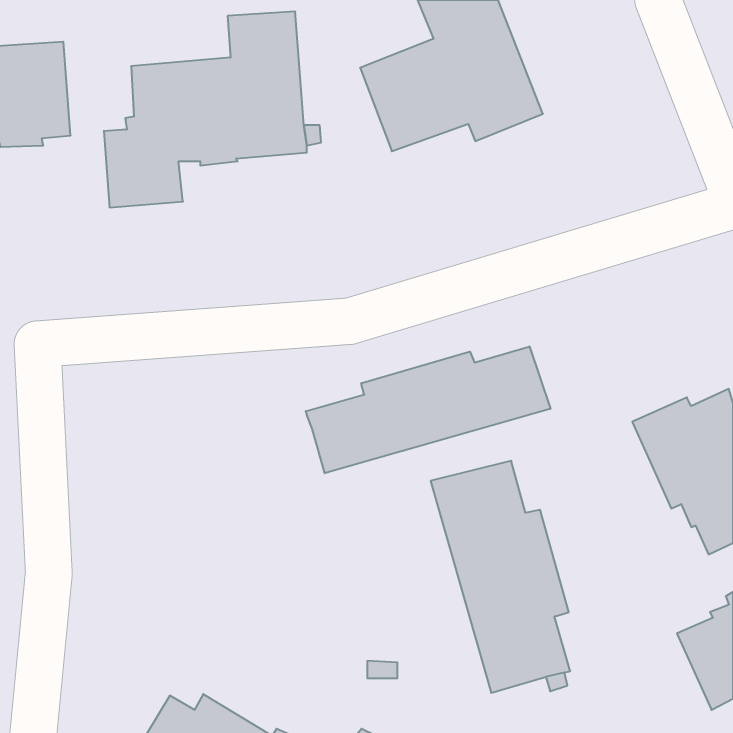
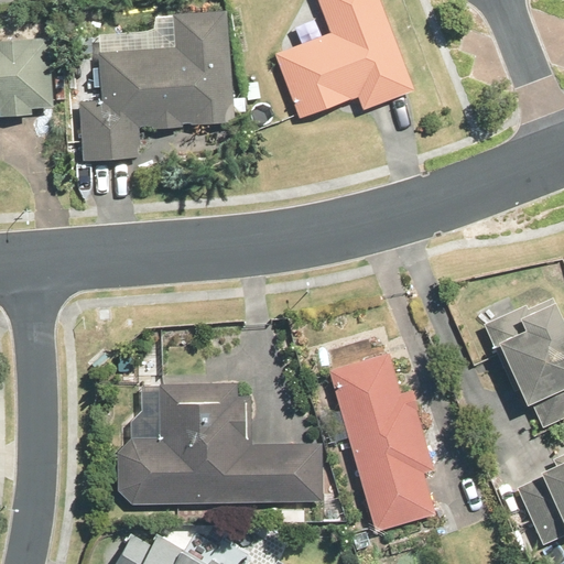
building: [306,346,550,473] -> none
building: none -> [118,381,322,506]

